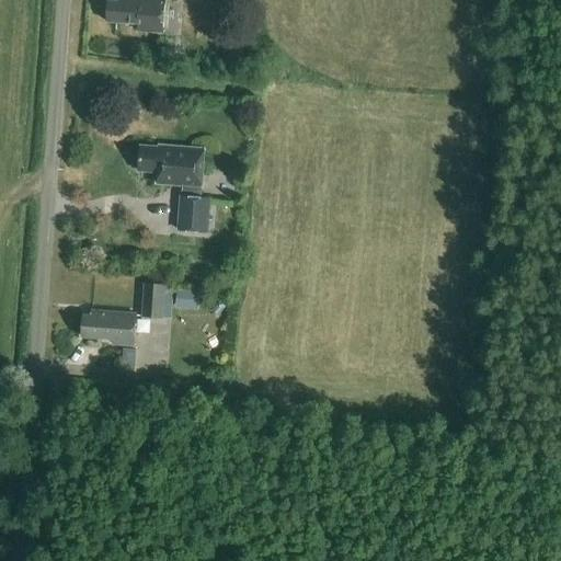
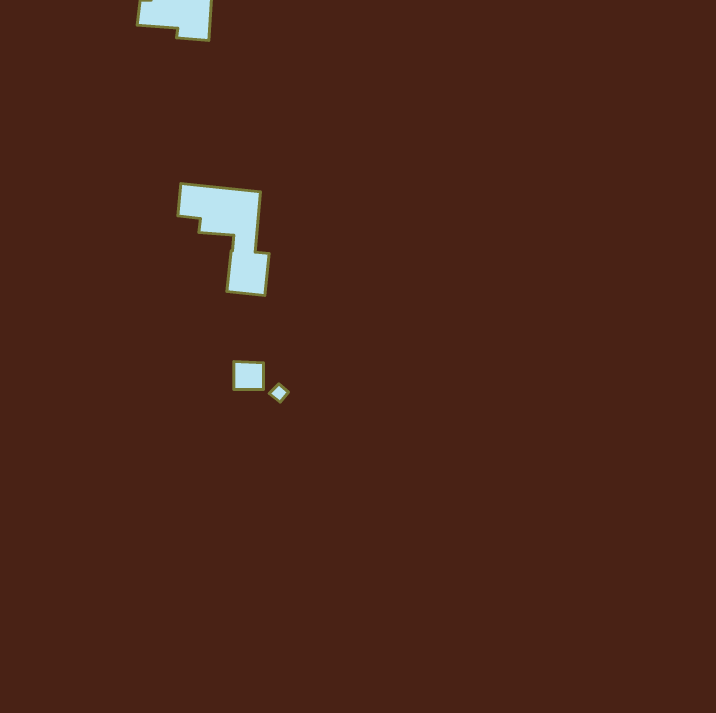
building: [141,284,165,319] -> none
building: [81,309,135,345] -> none

